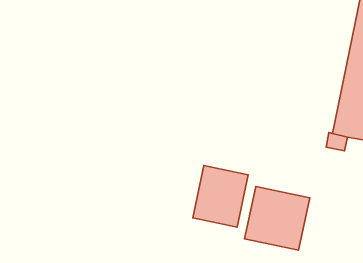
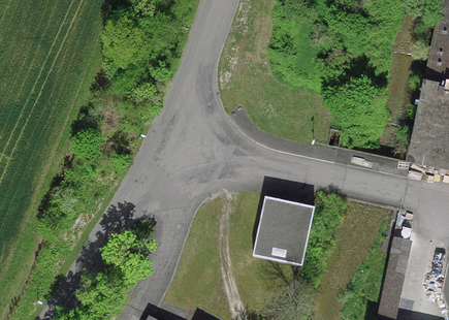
building: [245,186,310,250] -> none

